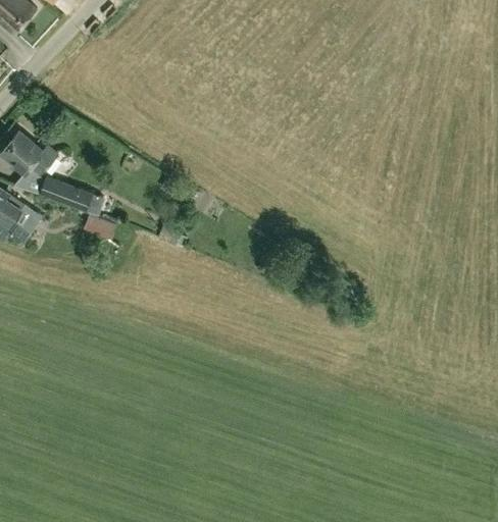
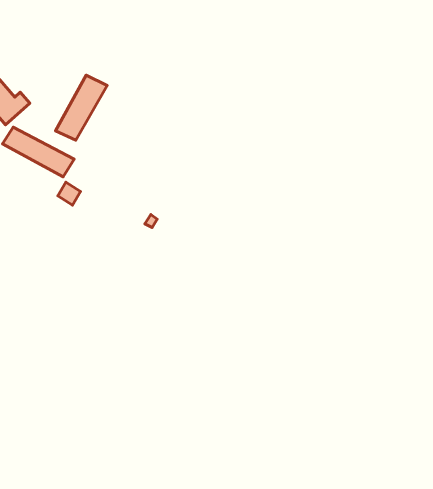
building: none -> [56,75,107,140]

